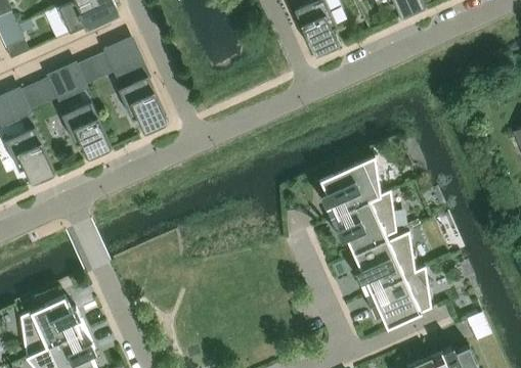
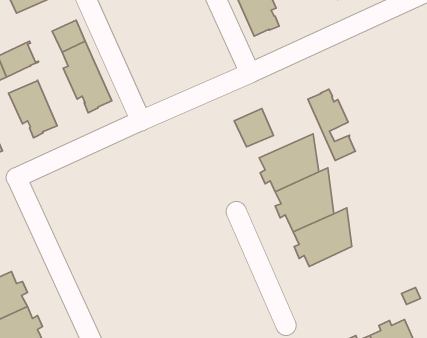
building: [81,50,117,82] -> none
building: none -> [308,89,356,161]
building: none -> [234,108,273,147]
building: [371,267,431,328] -> none

